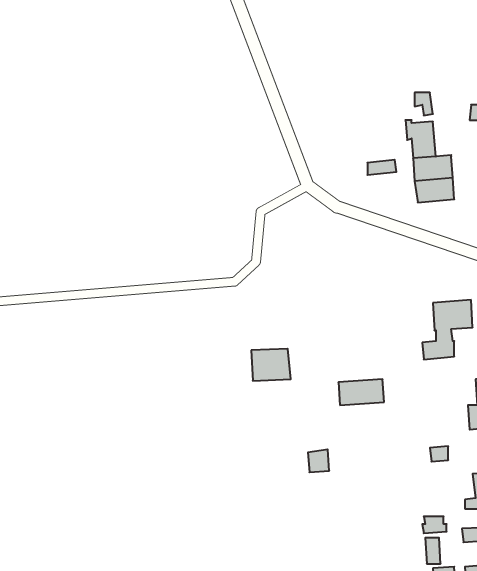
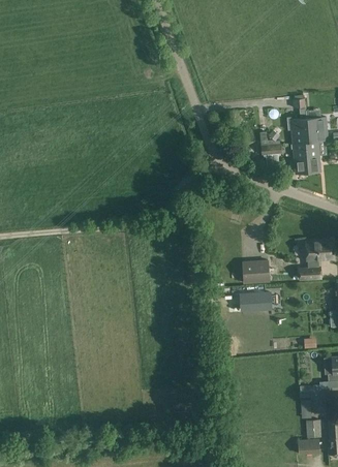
building: none -> [306,116,328,142]
building: [251,349,291,381] -> [243,260,270,282]

